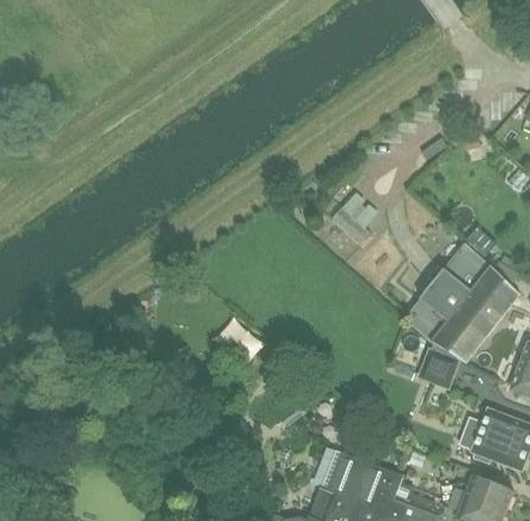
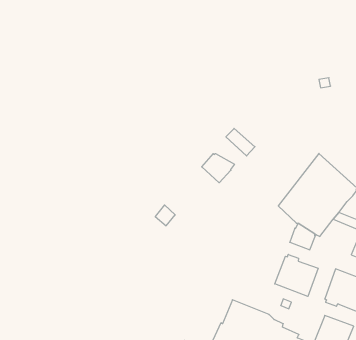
building: none -> [202,154,234,183]
building: none -> [275,254,318,296]

